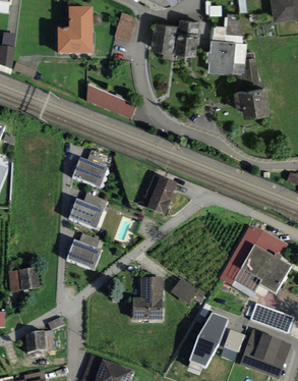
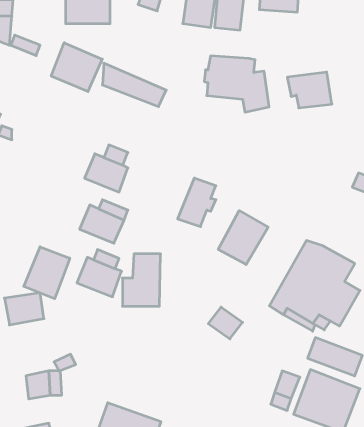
building: [206,41,258,86] -> [204,56,269,112]
building: none -> [51,43,102,92]
building: none -> [218,211,268,265]
building: none -> [24,247,70,299]
building: [132,277,163,319] -> [122,254,161,306]
building: [189,312,228,367] -> none

